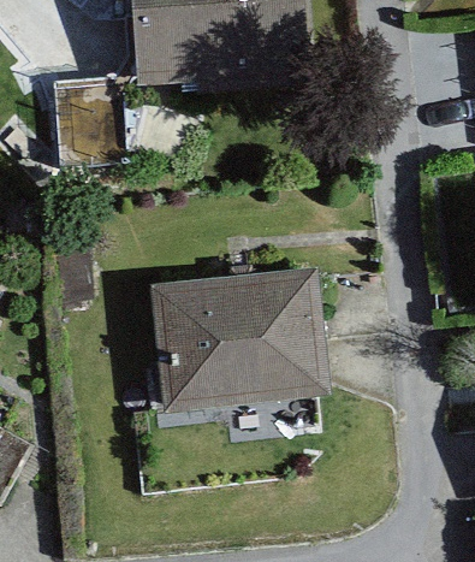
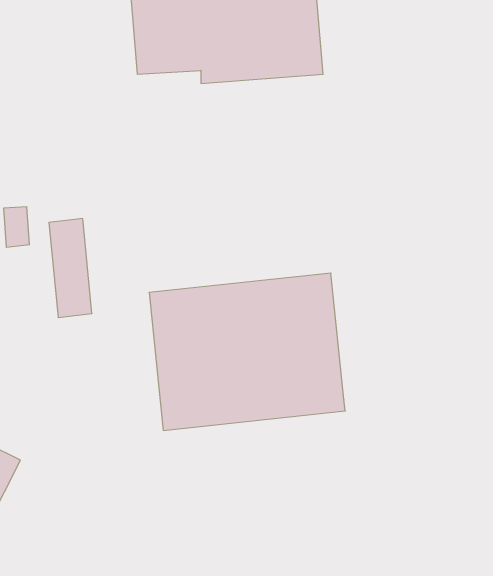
building: [59,82,126,159] -> none

